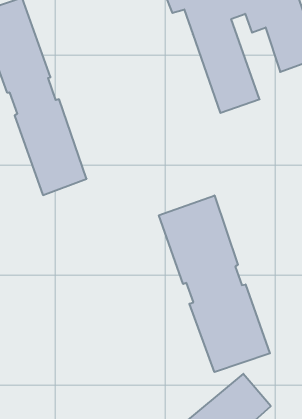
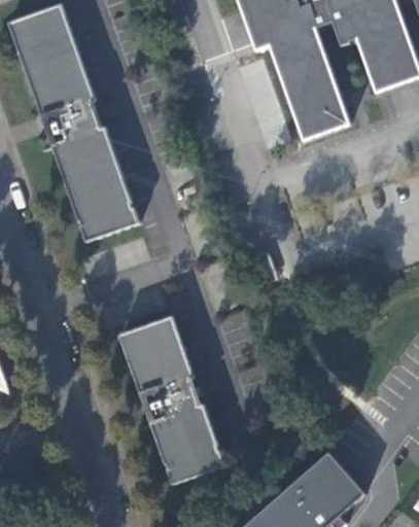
building: [159,195,270,372] -> none
building: none -> [119,316,225,484]

